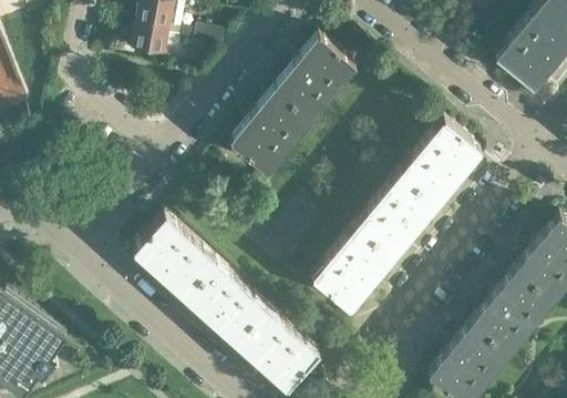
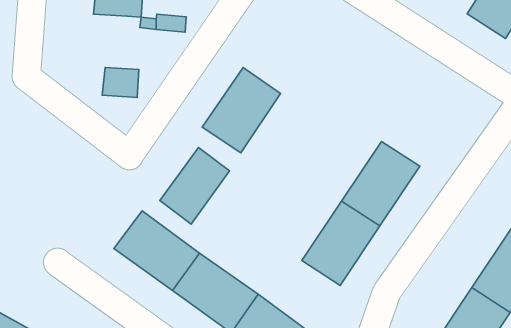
building: [131,24,168,57] -> [102,67,139,97]
building: [275,38,353,120] -> none
building: [400,123,477,204] -> none
building: none -> [160,147,230,224]

